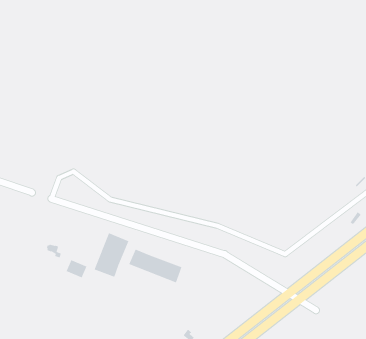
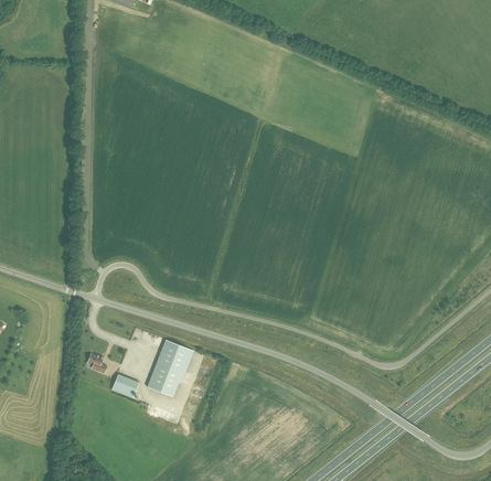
building: [128,248,182,284] -> none

